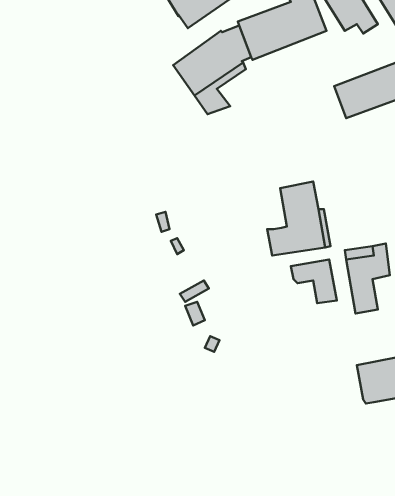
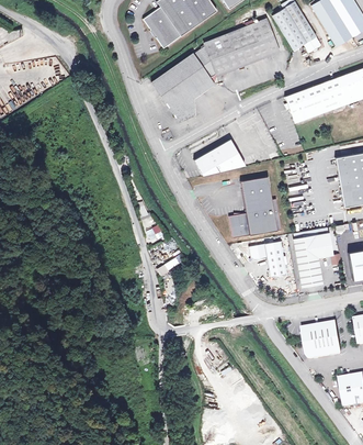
building: none -> [194,140,237,175]

